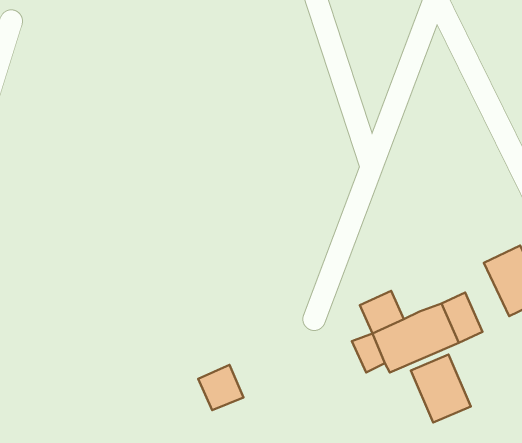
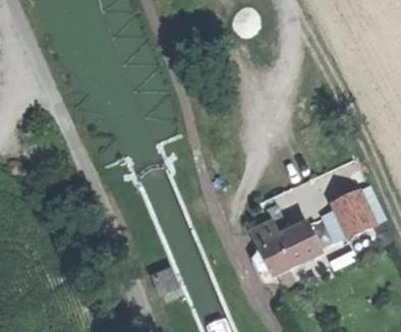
building: [411,355,471,422] -> none

